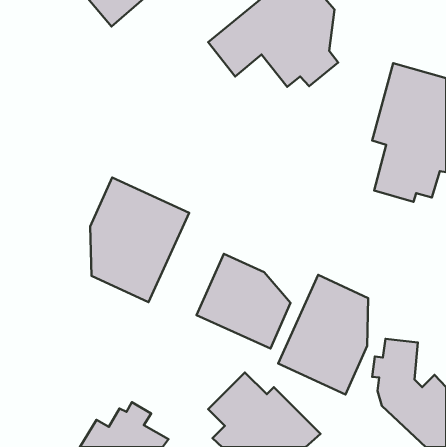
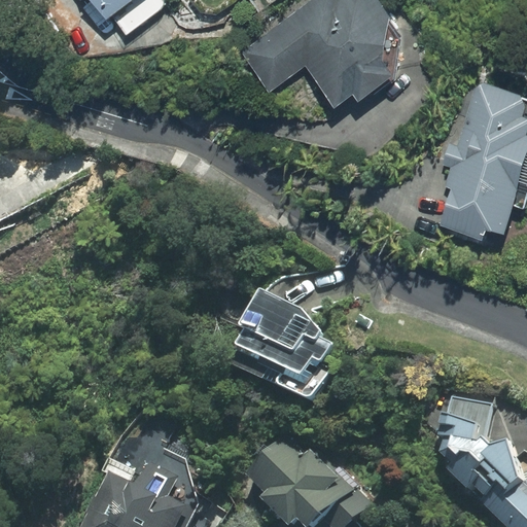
building: [90,177,189,302] -> none
building: [278,275,368,395] -> none

